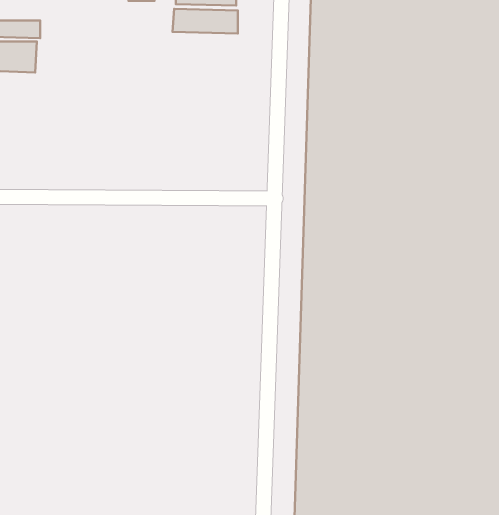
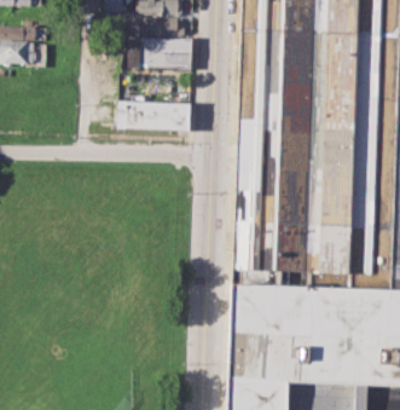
building: none -> [131,37,195,69]
building: none -> [118,102,192,131]

